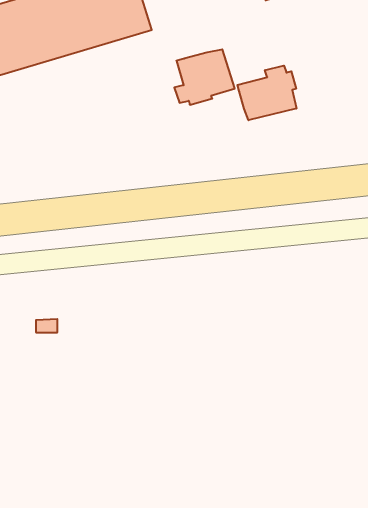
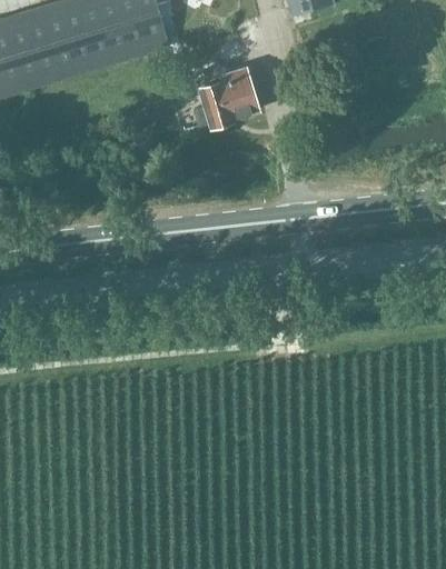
building: [237,66,296,120] -> none

